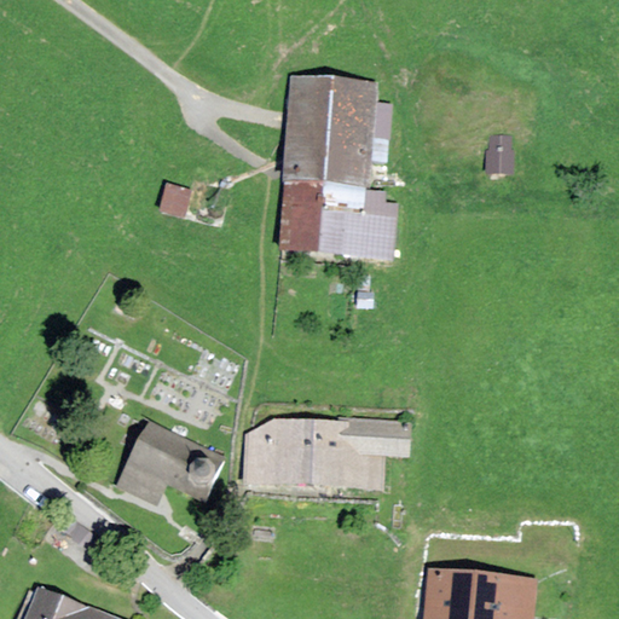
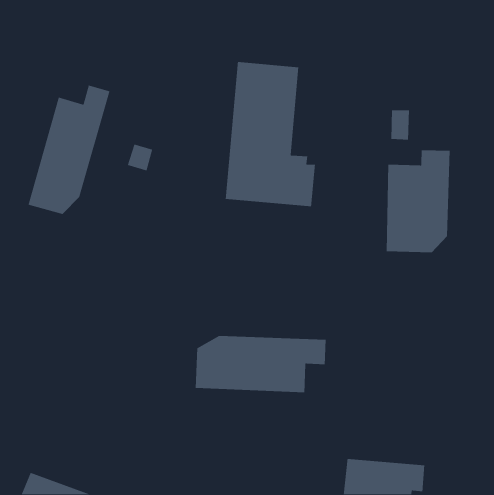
building: none -> [28,85,111,215]
building: none -> [386,149,450,253]
building: [115,422,227,505] -> none

